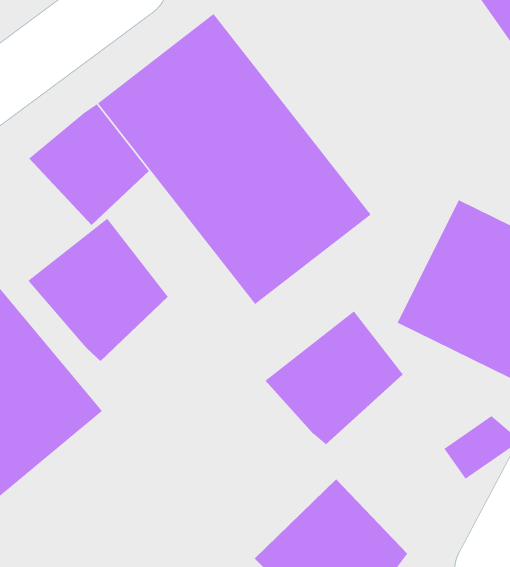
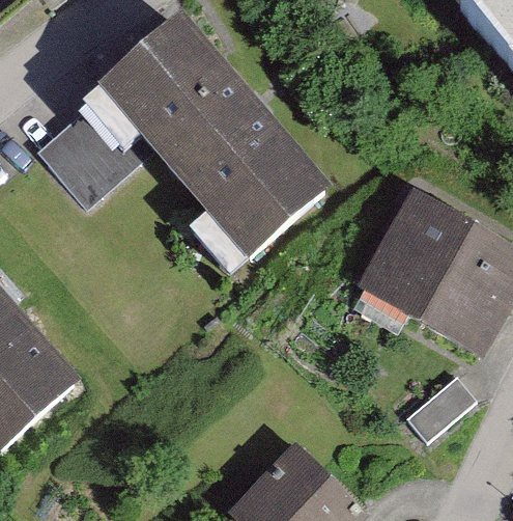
building: [27,218,169,362] -> none
building: [265,310,404,445] -> none

